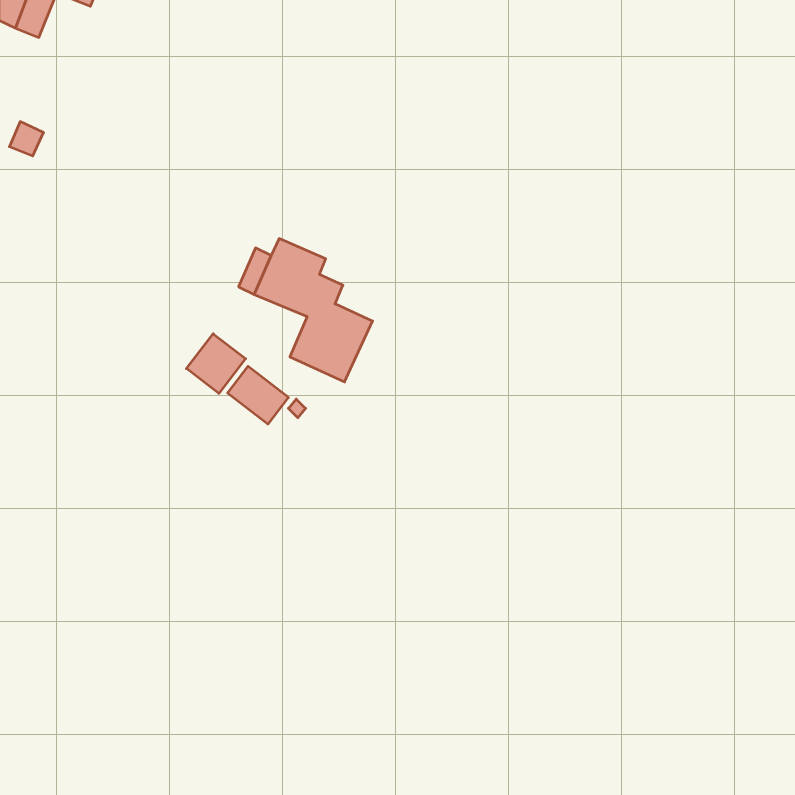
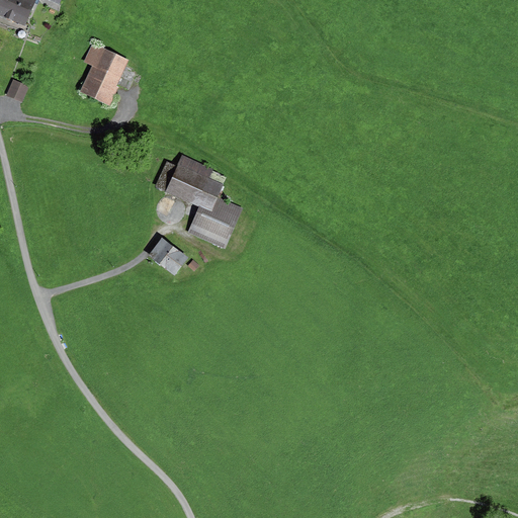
building: none -> [79,42,128,105]
building: [186,334,246,393] -> none

